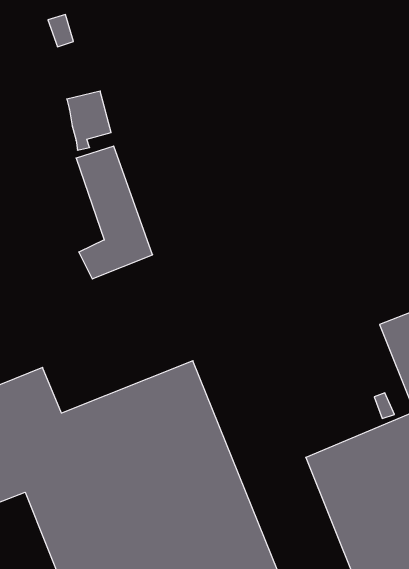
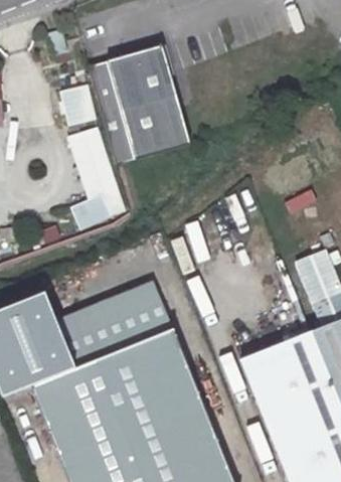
building: none -> [88,43,190,164]

